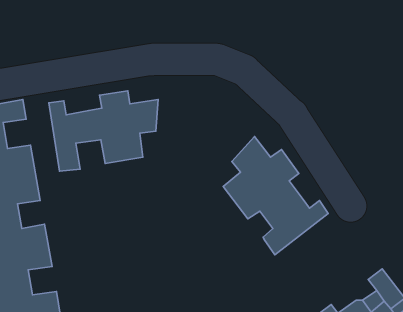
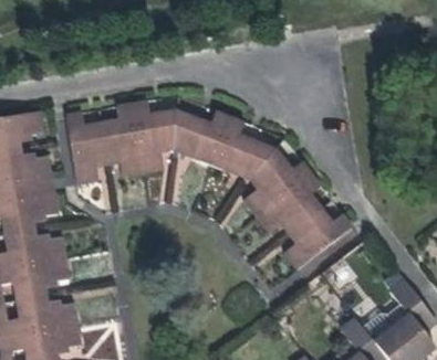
building: none -> [176,110,277,173]

